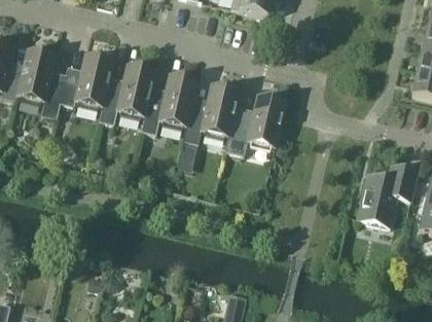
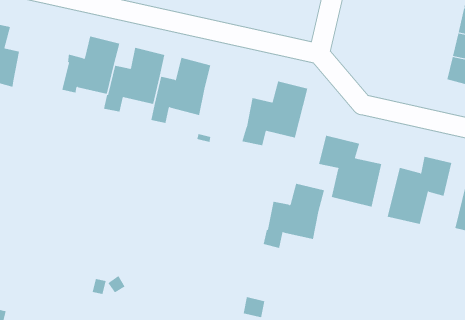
building: [17,47,67,118] -> none
building: [183,83,240,143] -> [263,183,325,249]
building: none -> [318,135,382,207]

